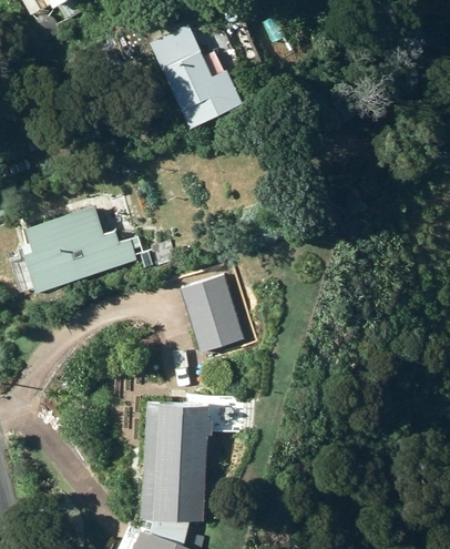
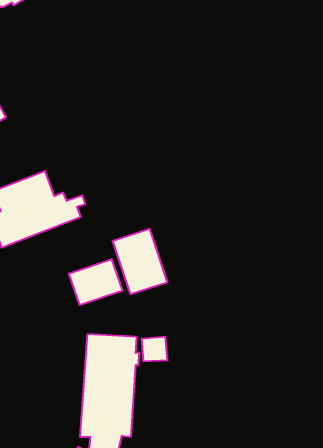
building: [152,22,245,129] -> none
building: none -> [69,259,122,305]

